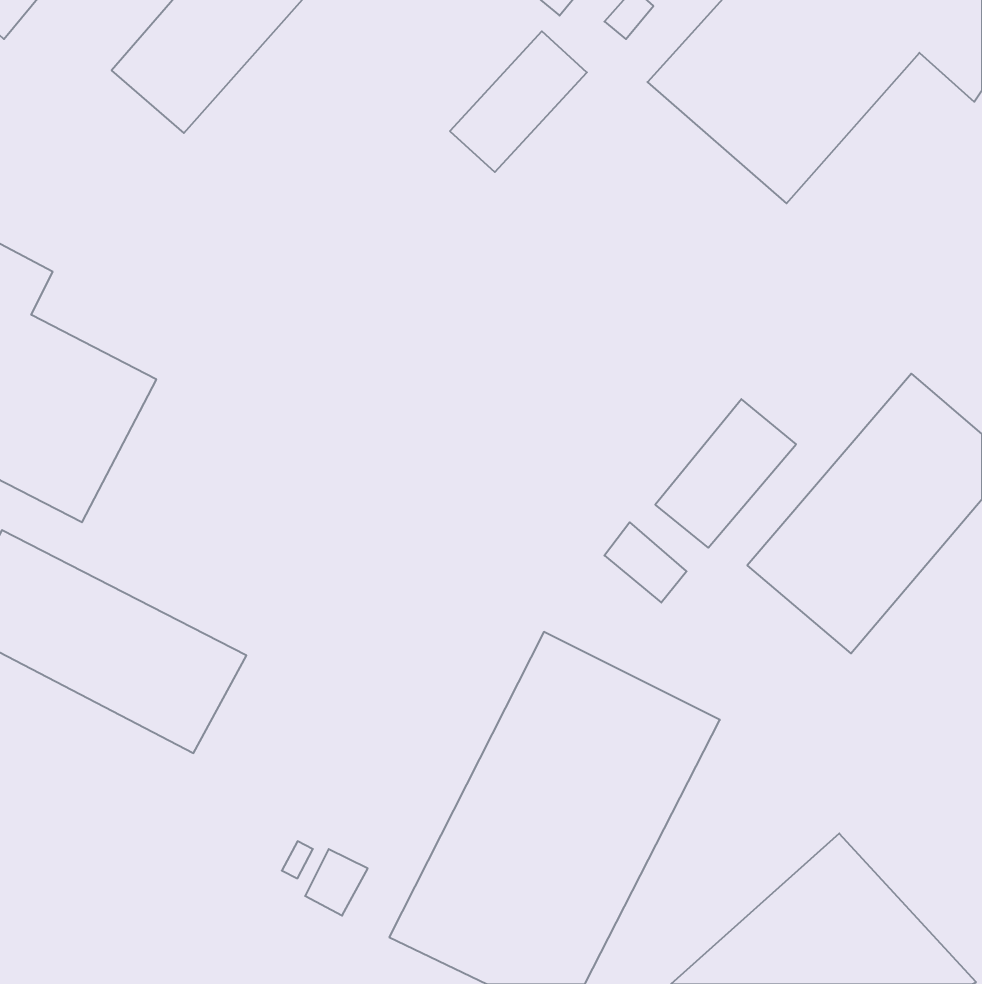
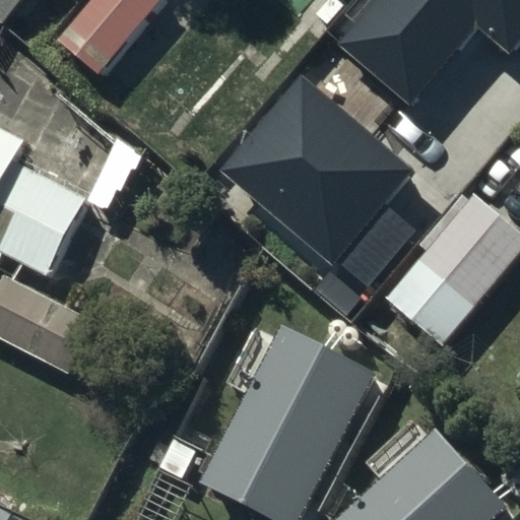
building: none -> [223,78,412,264]

